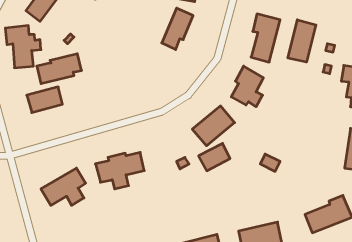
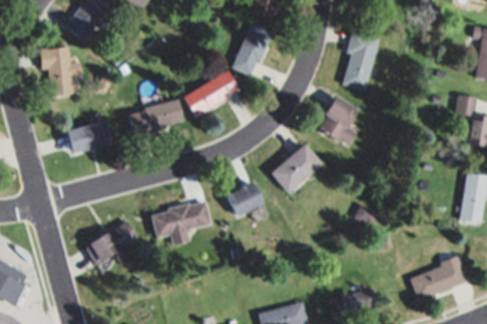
building: [288,20,316,62] -> none
building: none -> [183,70,239,117]
building: [37,54,82,84] -> [128,99,183,136]
building: [199,143,230,171] -> [226,181,264,215]

